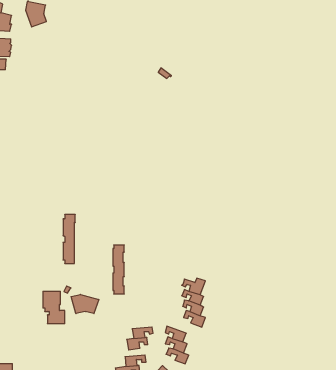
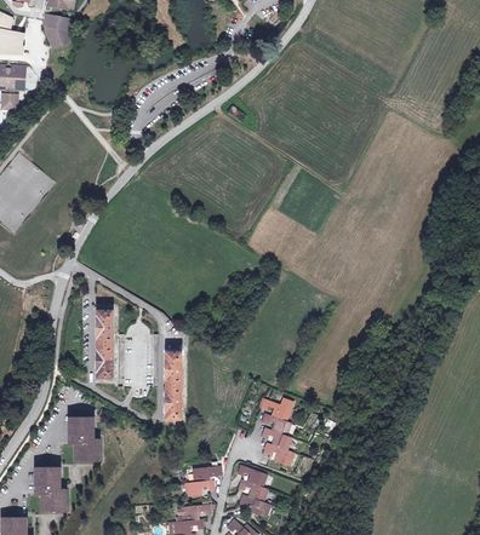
building: [71,294,99,314] -> none
building: none -> [34,467,65,512]

